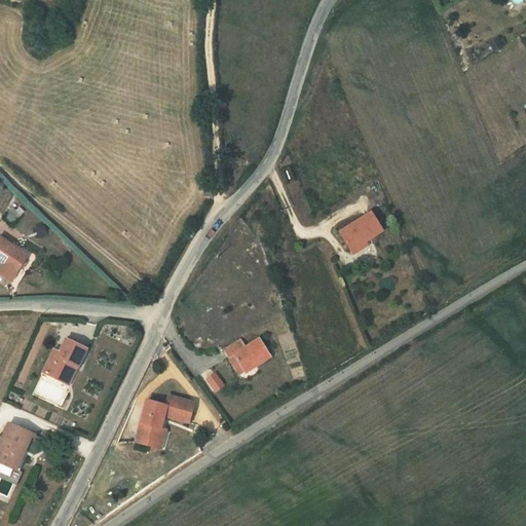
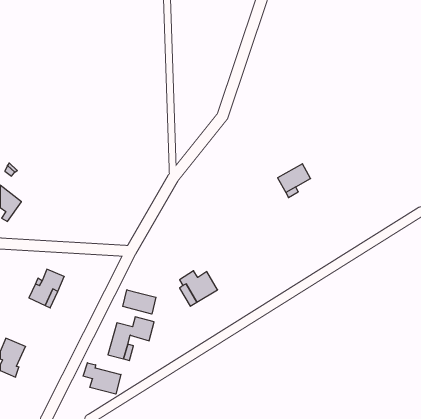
building: none -> [123,290,156,314]
building: none -> [83,363,121,394]

